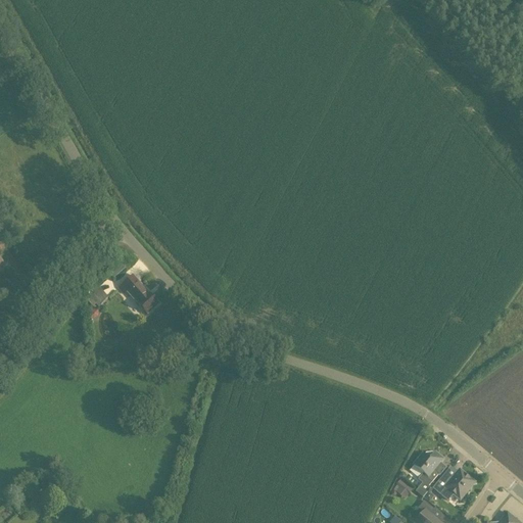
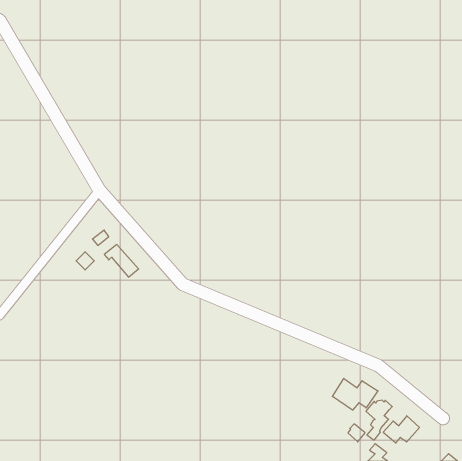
building: none -> [332,378,378,410]

